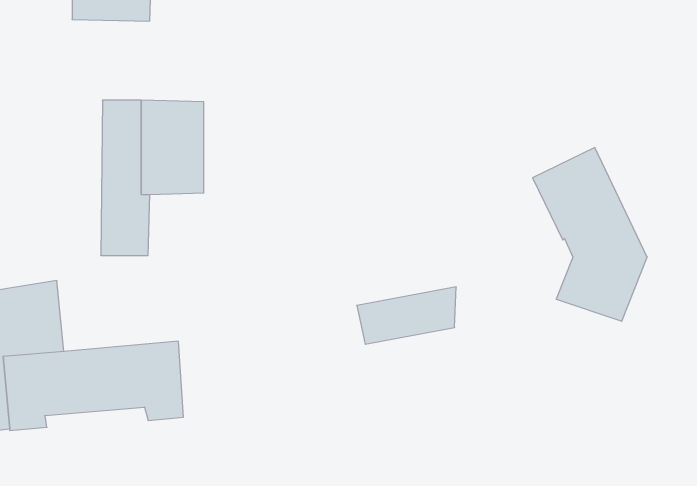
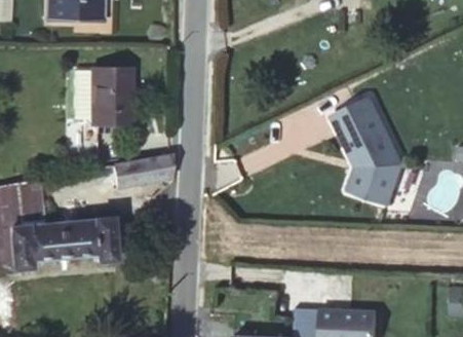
building: [357,287,456,344] -> [114,155,175,190]

